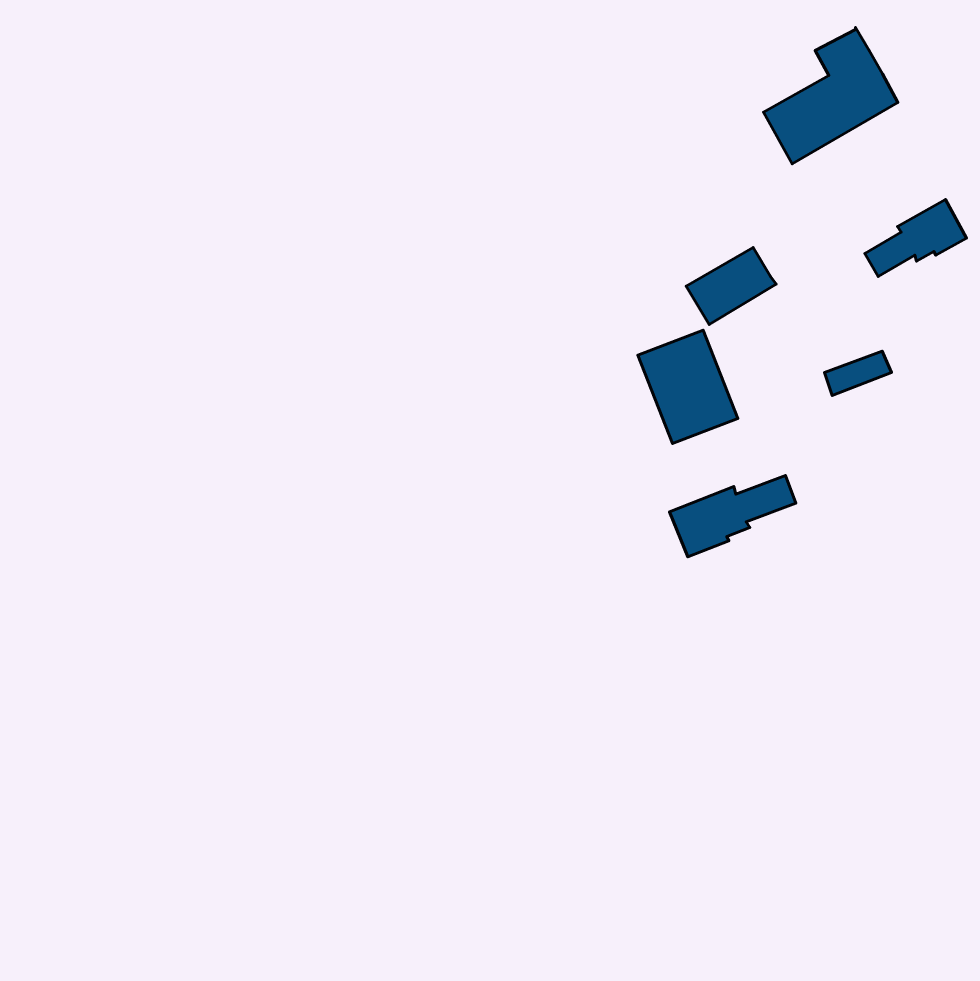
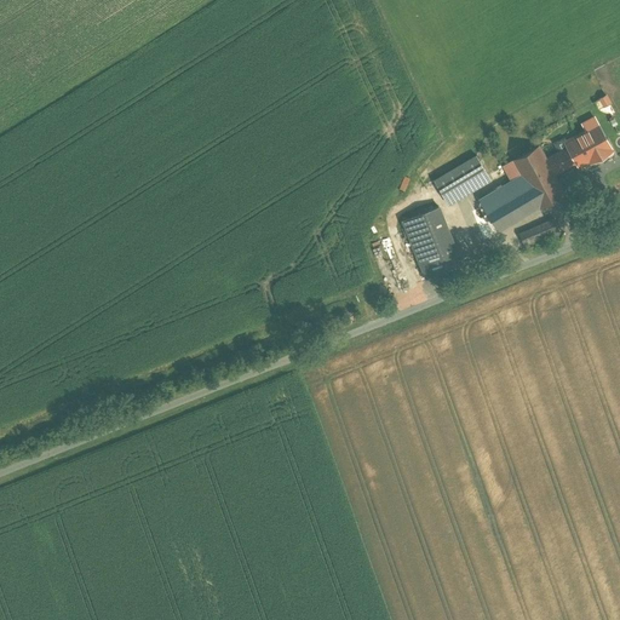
building: [763,28,898,164] -> [478,145,563,231]
building: [670,475,796,557] -> none

